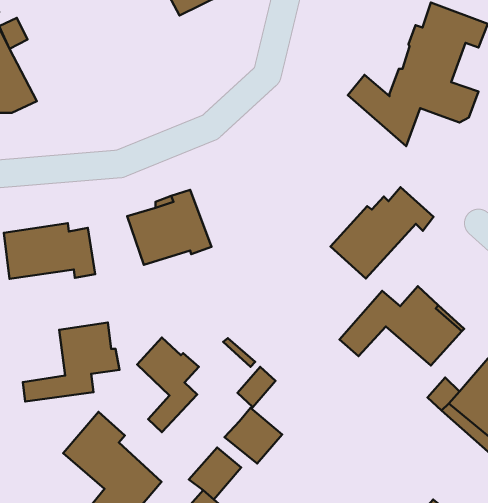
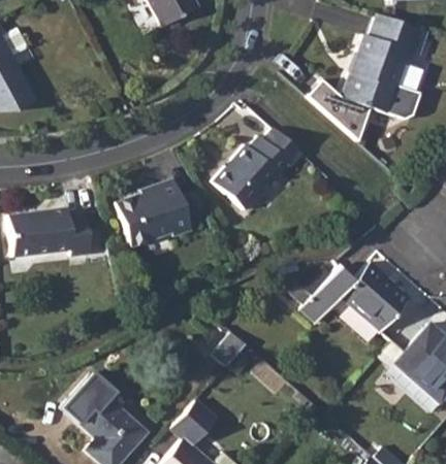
building: [330,187,434,278] -> [215,129,305,208]
building: [23,322,119,402] -> none
building: [137,337,199,432] -> none
building: [224,408,282,464] -> none

